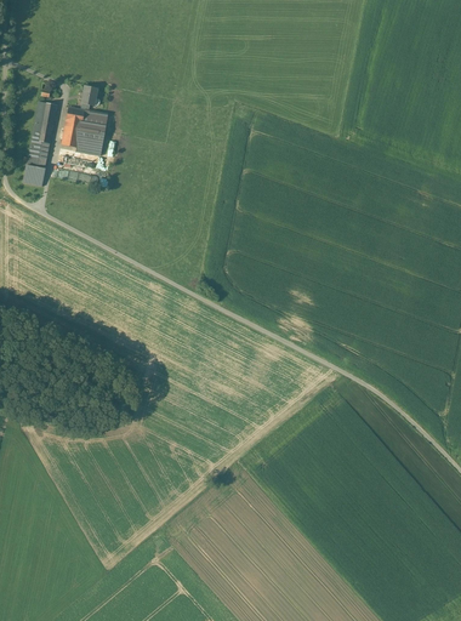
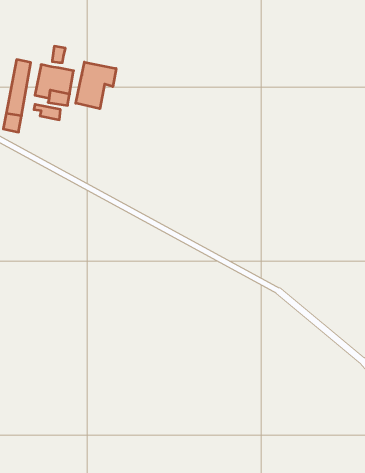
building: none -> [76,62,116,109]

